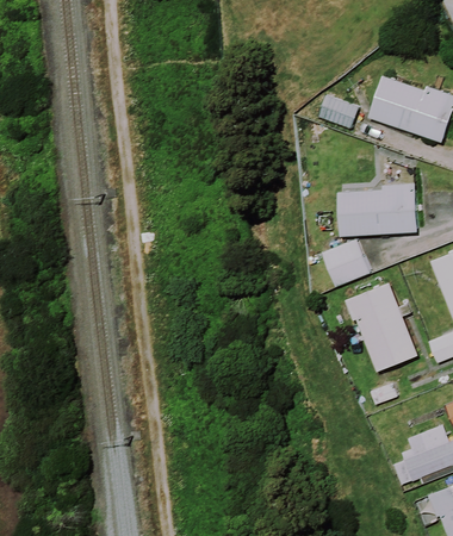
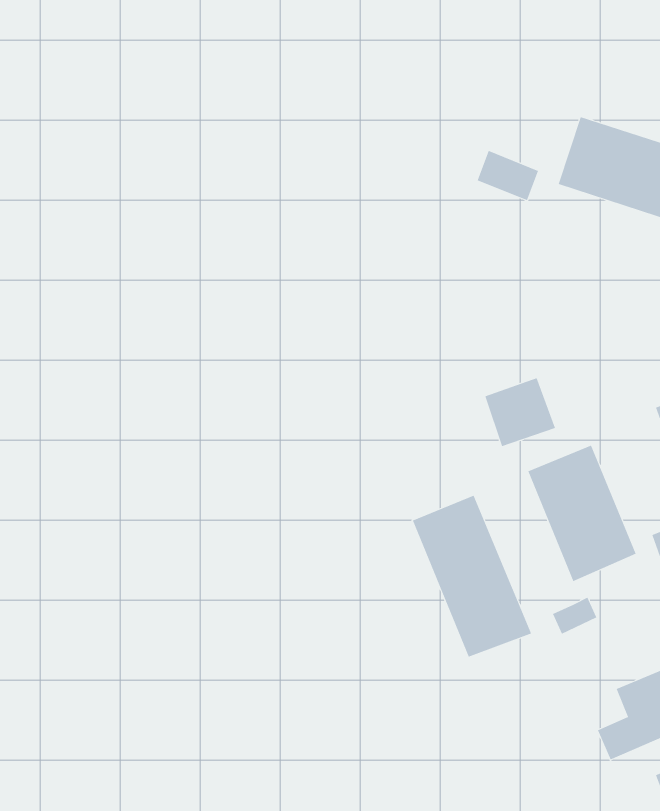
building: [339,173,415,236] -> none
building: none -> [412,495,532,658]

